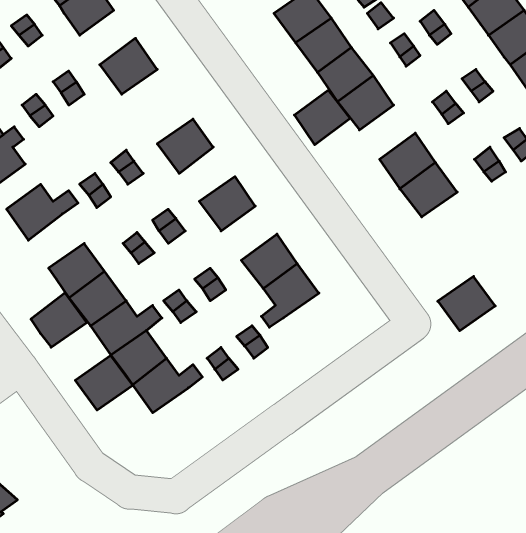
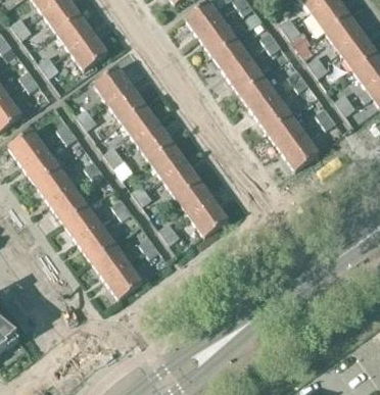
building: none -> [55,13,92,49]
building: none -> [92,64,130,101]
building: [294,90,350,145] -> [239,76,276,111]
building: none -> [121,103,157,139]
building: none -> [148,142,185,178]
building: [438,276,495,331] -> [280,133,318,168]
building: [31,293,87,347] -> [21,147,58,183]
building: none -> [189,199,227,235]
building: [75,356,133,410] -> [103,261,141,297]

